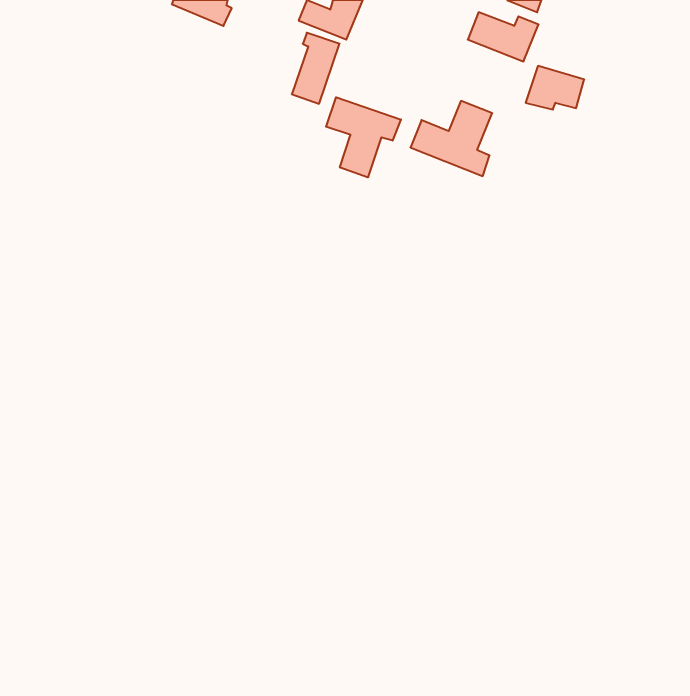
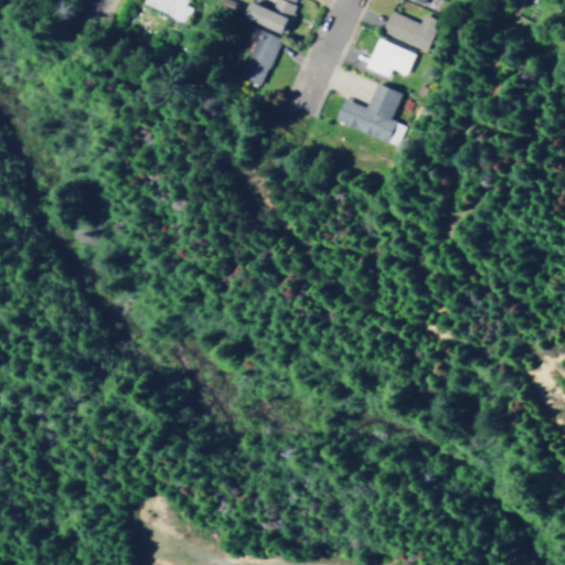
building: [526,66,584,110] -> [369,40,416,75]
building: [326,97,401,177] -> none

